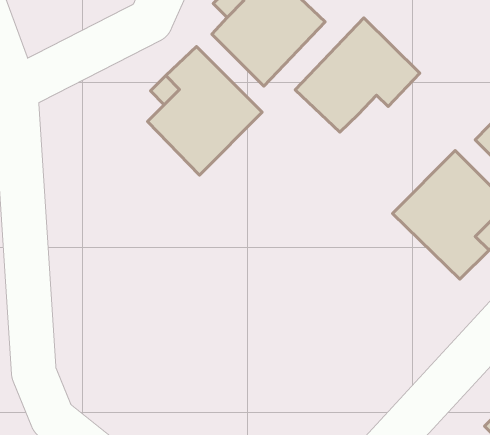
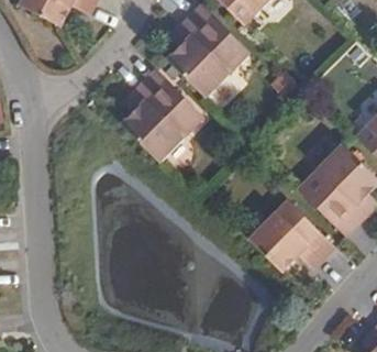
building: [295,18,420,132] -> none
building: none -> [248,200,334,272]

